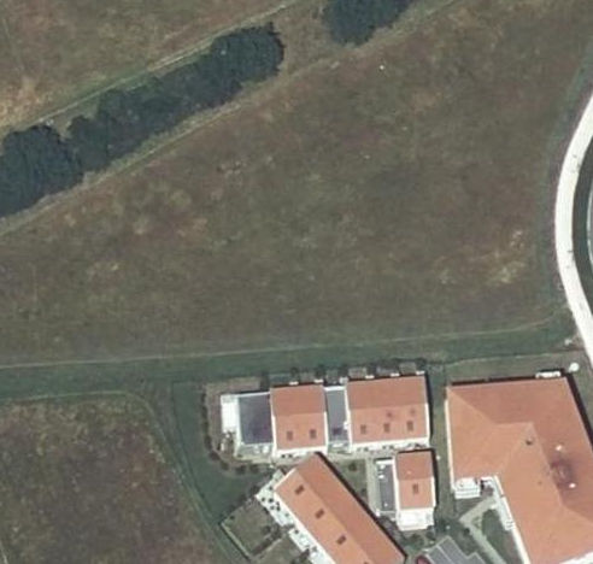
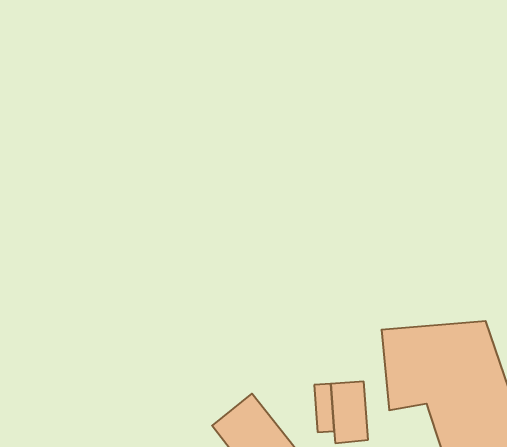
building: [237,378,427,450] -> none

